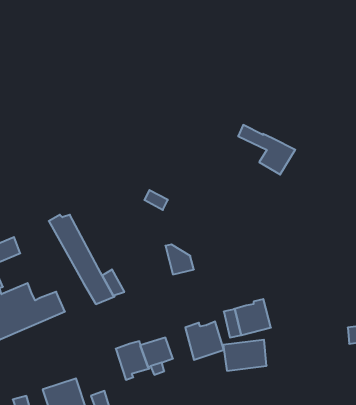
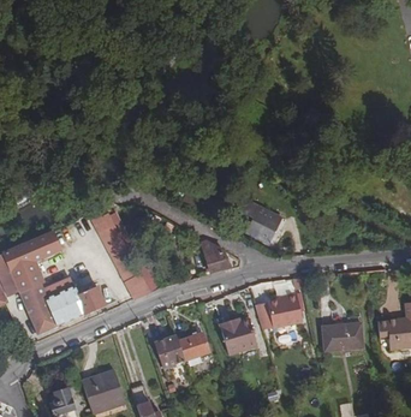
building: [238,125,295,175] -> [230,193,285,242]
building: [223,340,267,371] -> [322,322,364,352]

